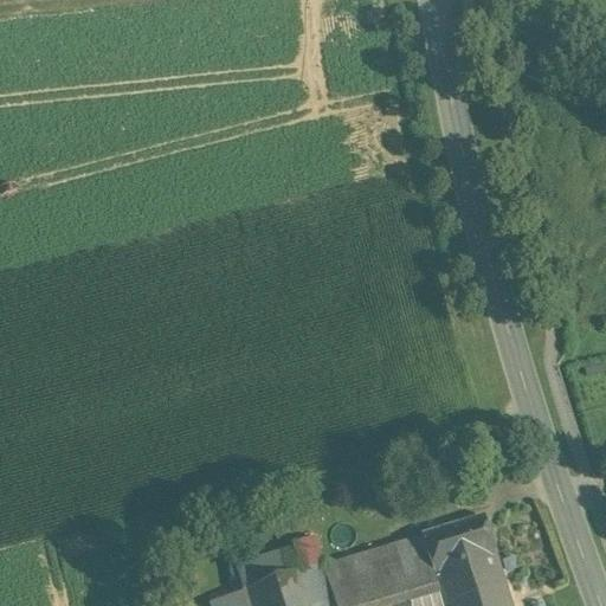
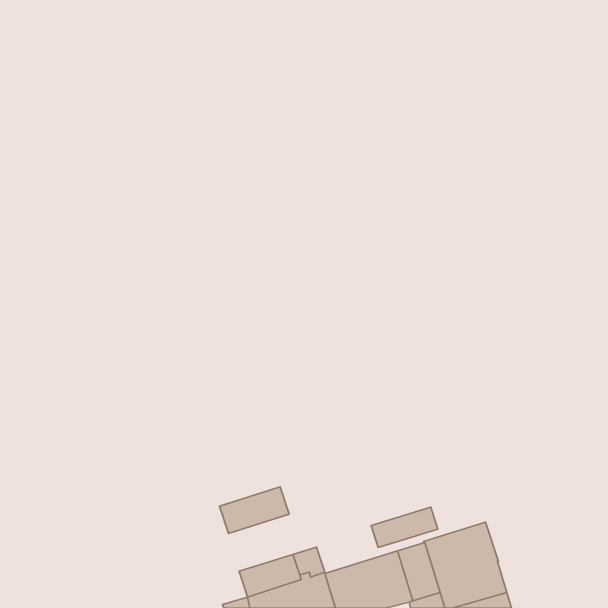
building: none -> [220,487,289,533]
building: none -> [371,507,438,548]

